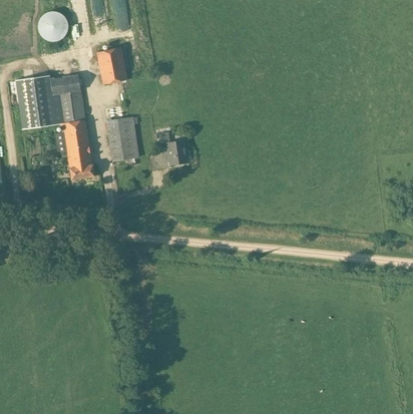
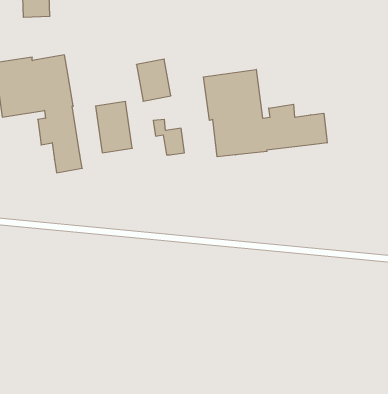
building: [96,46,127,84] -> [136,59,171,101]
building: none -> [204,69,327,157]

